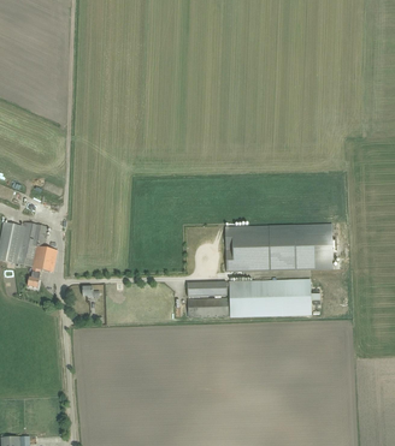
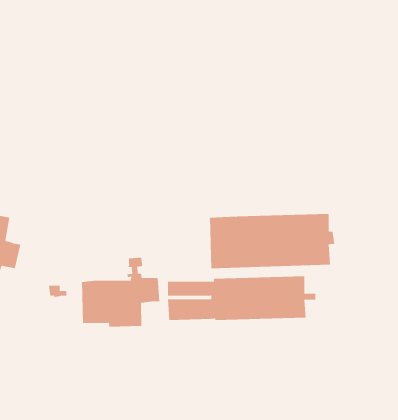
building: none -> [82,257,160,328]

